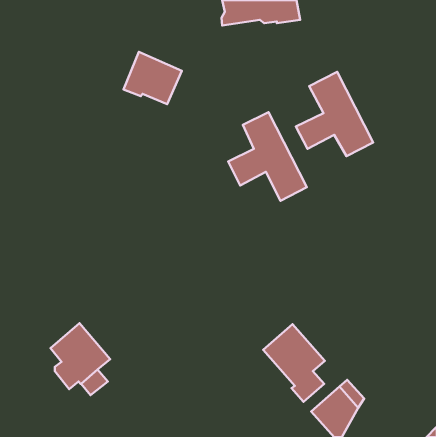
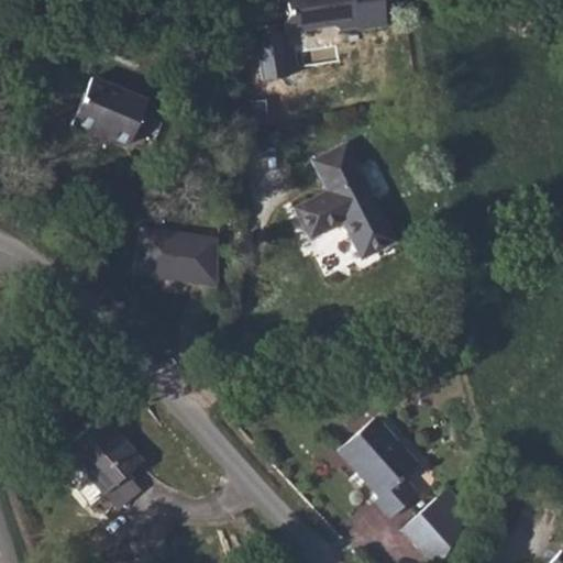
building: [124,52,182,104] -> [73,77,147,144]
building: [296,72,373,156] -> none
building: none -> [135,227,219,286]

